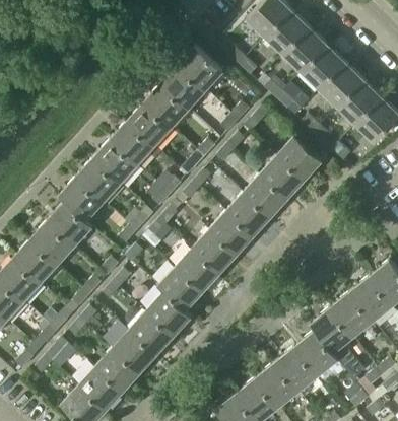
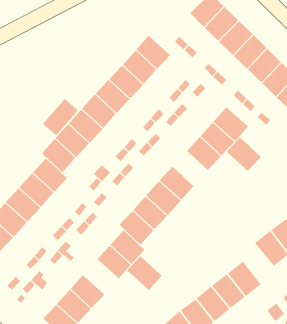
building: none -> [42,98,79,136]
building: [225,192,270,236] -> [226,137,261,172]
building: [310,308,364,379] -> none
building: [112,329,157,373] -> [126,255,163,291]

